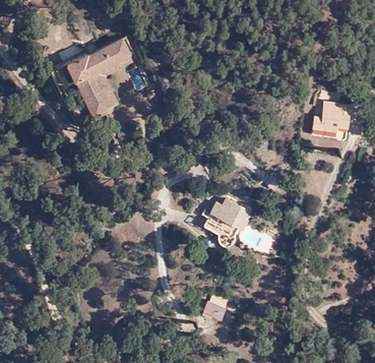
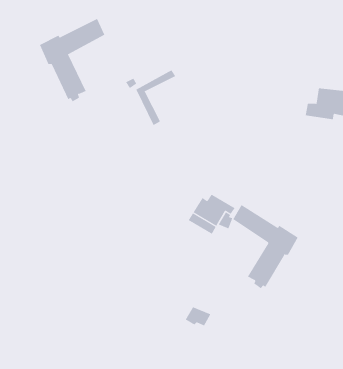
building: [95,54,132,106] -> [135,70,176,126]
building: none -> [233,204,298,289]

